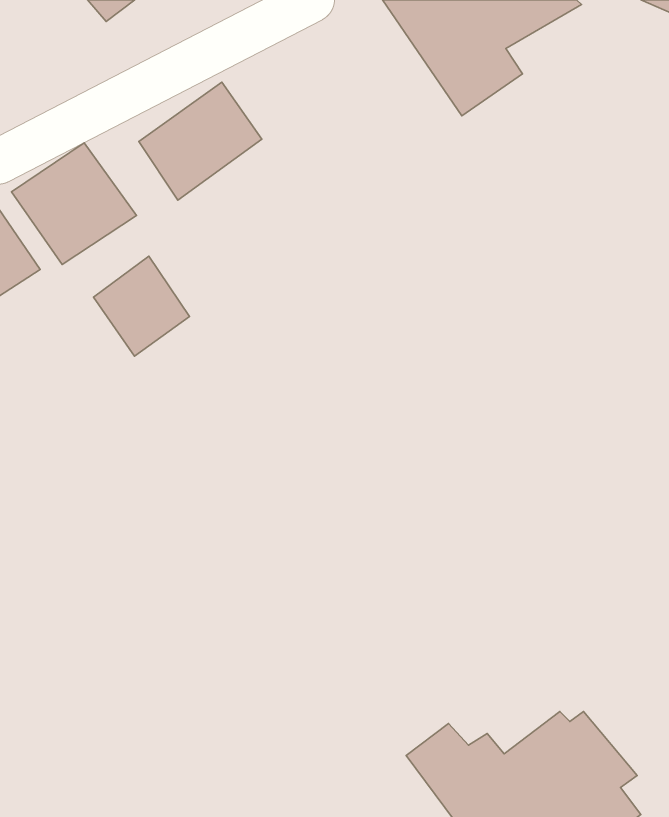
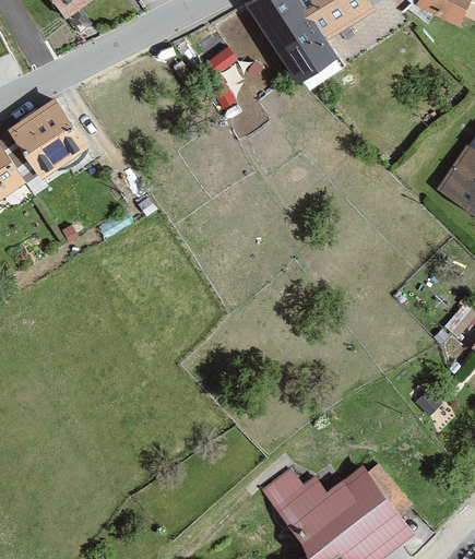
building: [139,82,262,200] -> none
building: [94,256,189,356] -> none

